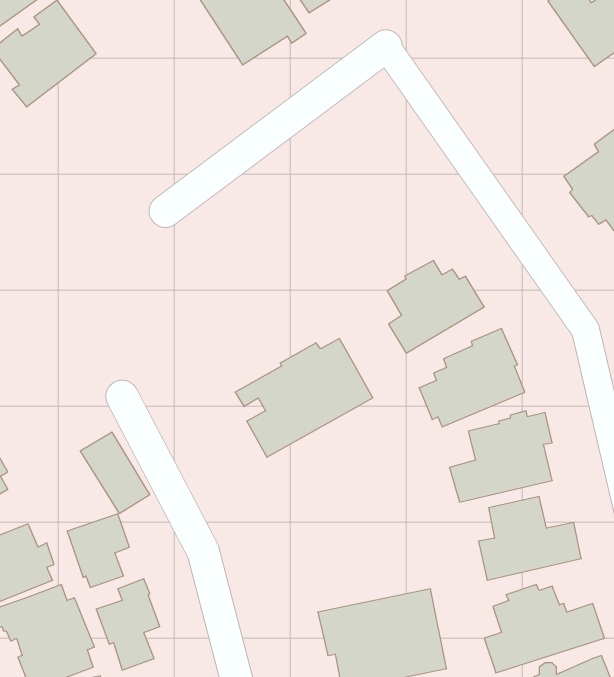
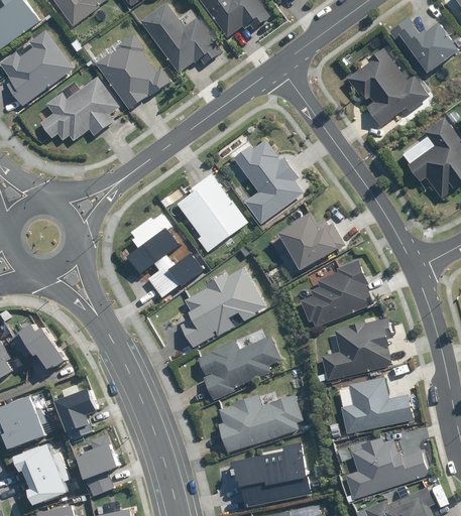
building: none -> [97,35,171,110]
building: none -> [349,46,429,127]
building: none -> [43,79,121,141]
building: none -> [232,139,302,224]
building: none -> [177,173,248,252]
building: none -> [125,217,202,297]
building: [80,432,150,513] -> [13,316,62,373]
building: none -> [199,335,282,400]
building: none -> [220,394,305,453]

